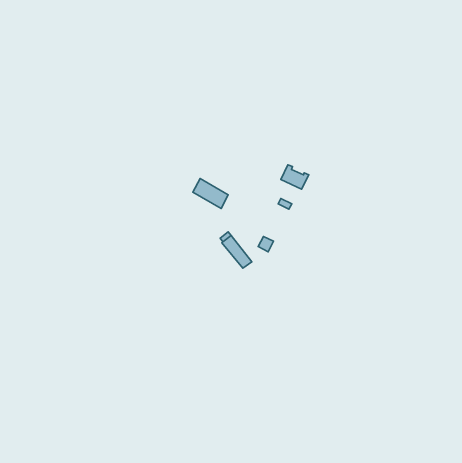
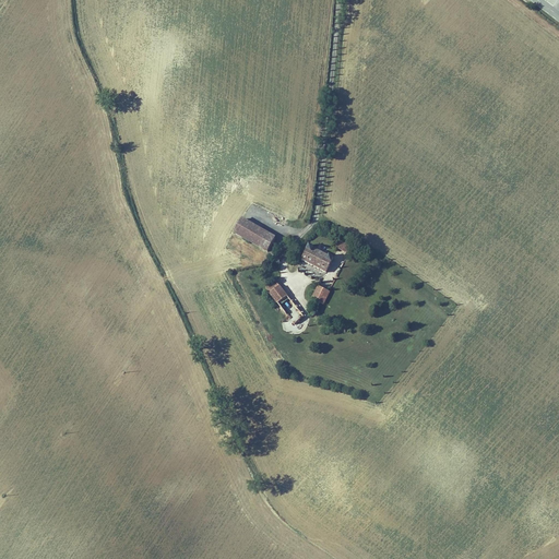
building: [281,165,309,189] -> [300,241,334,271]

